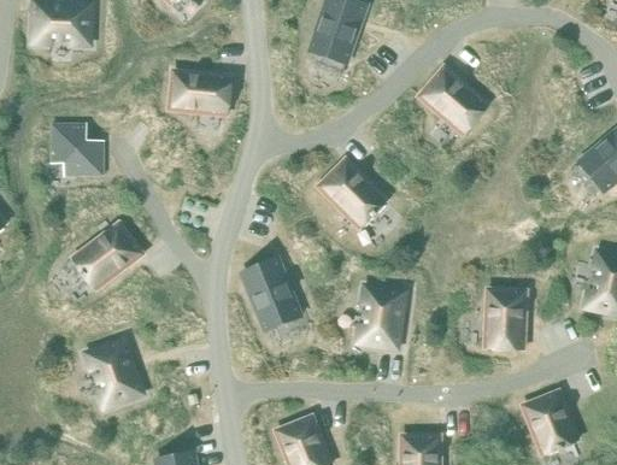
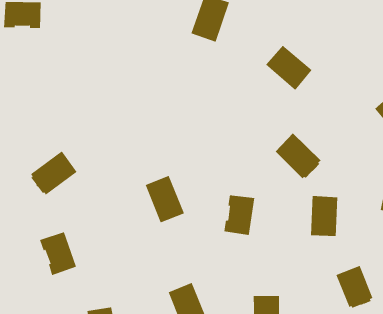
building: [169,70,230,114] -> none
building: [52,123,102,175] -> none
building: [318,158,387,226] -> [275,133,321,179]

